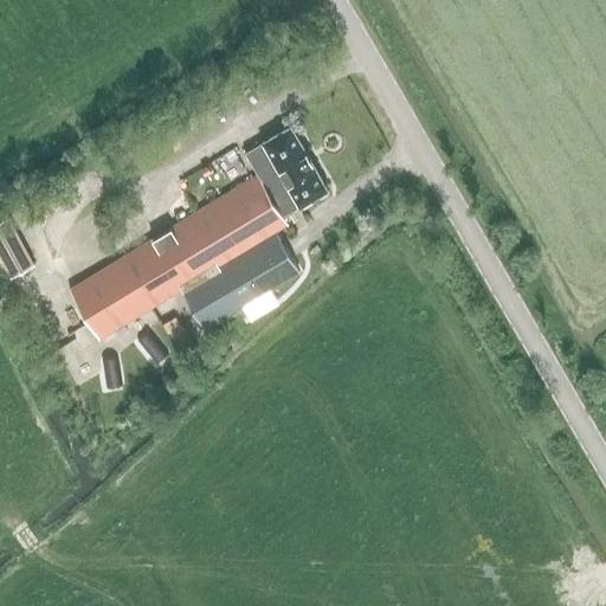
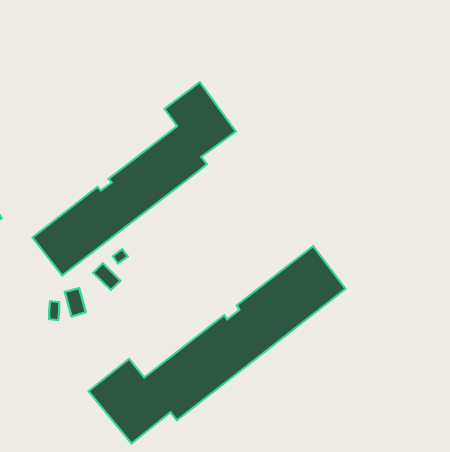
building: [182,234,297,329] -> none
building: none -> [89,246,346,444]

